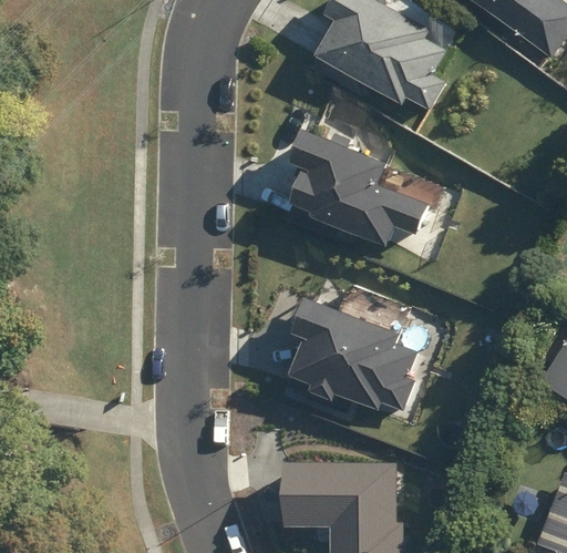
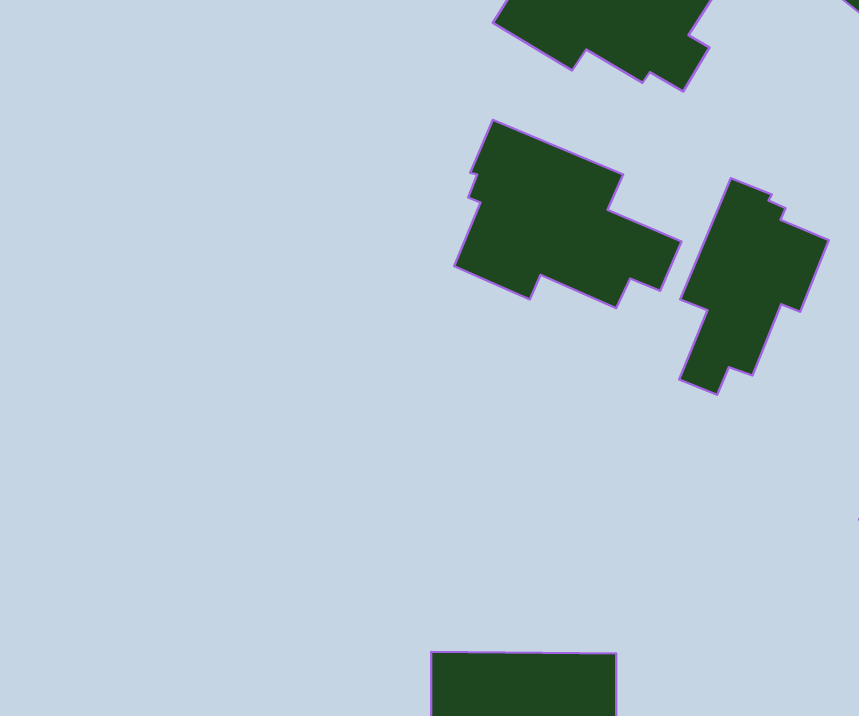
building: none -> [679,178,829,395]
building: [285,296,417,411] -> none

